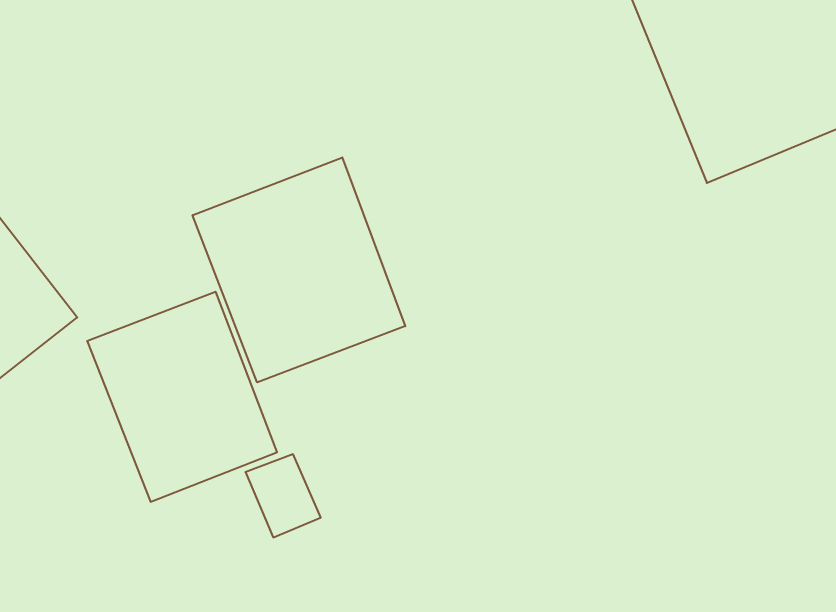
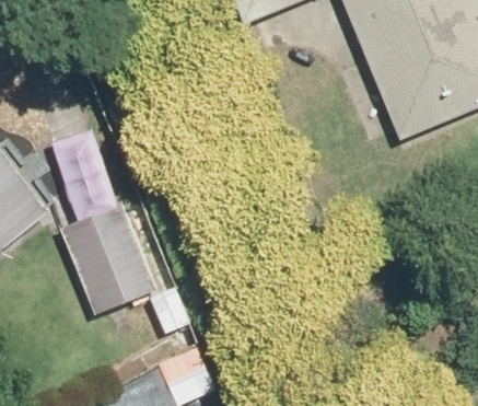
building: [193,157,405,382] -> none

